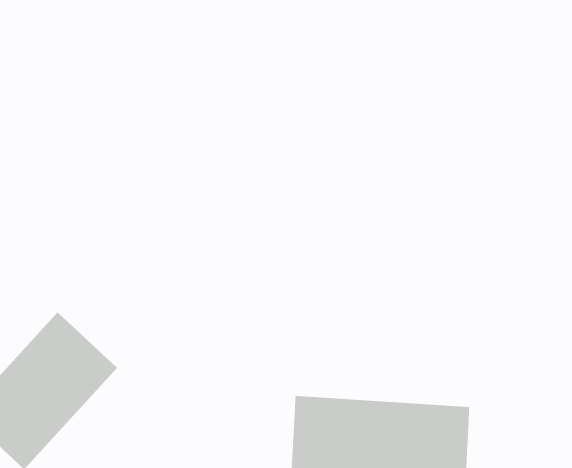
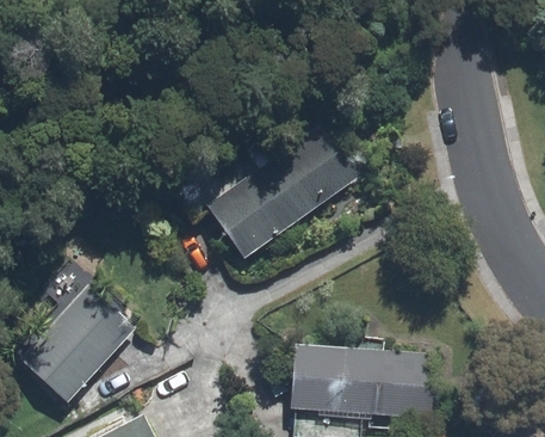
building: none -> [203,123,358,263]

